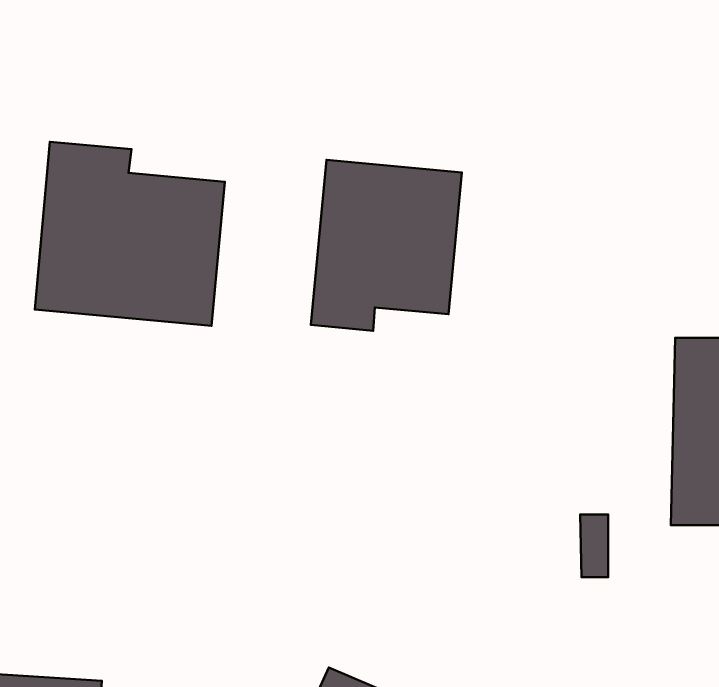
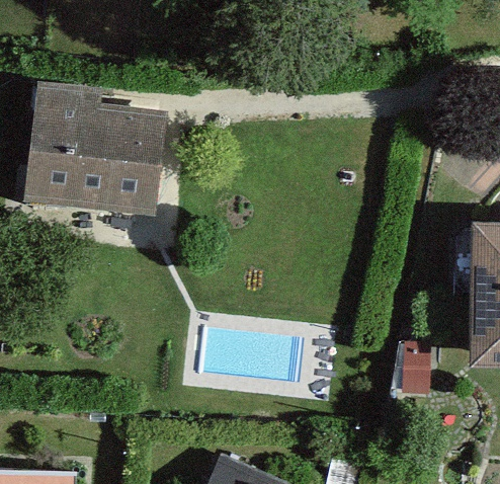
building: [311,160,462,331] -> none

